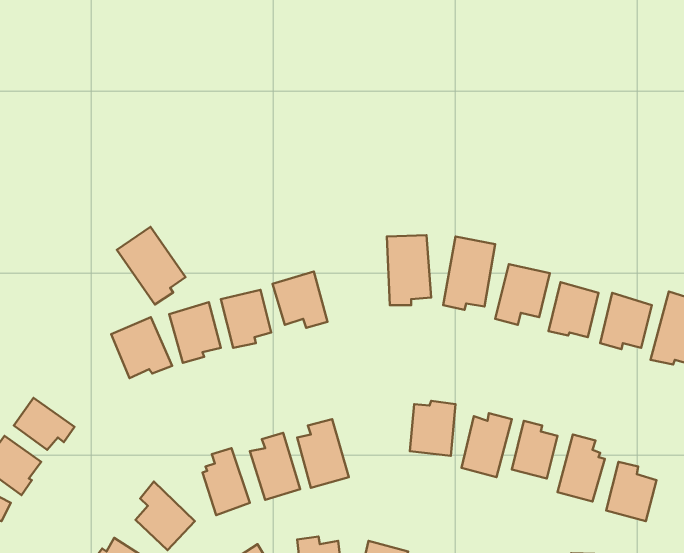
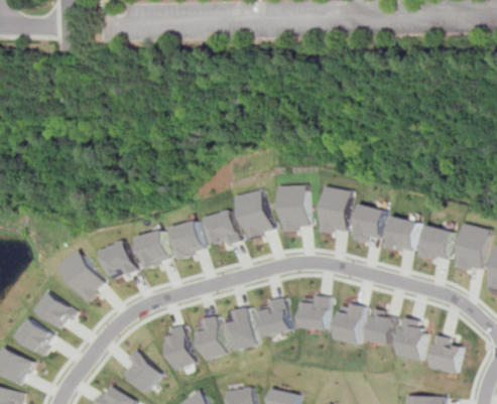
building: [117,227,185,305] -> [57,250,103,301]
building: none -> [238,188,274,240]
building: none -> [254,296,288,336]

